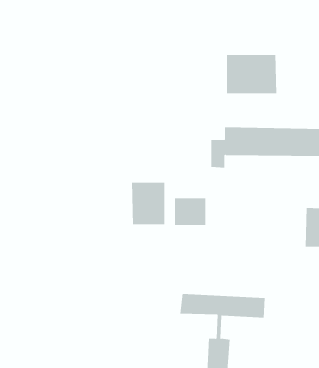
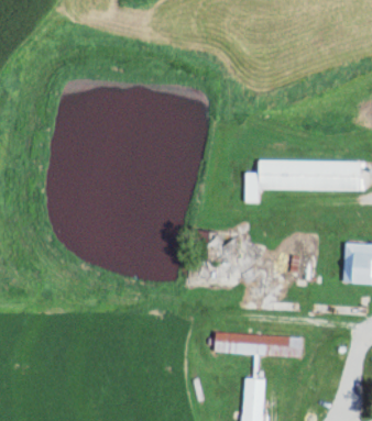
building: [226,54,277,94] -> none
building: [132,182,165,225] -> none

